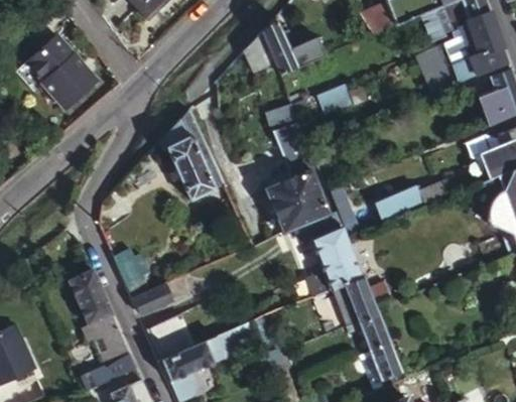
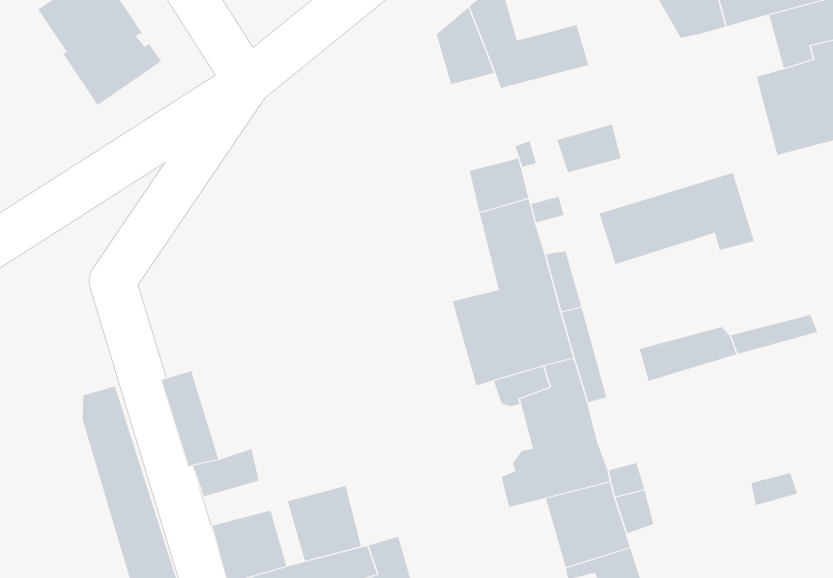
building: none -> [599,172,754,265]
building: [154,108,222,198] -> none
building: none -> [287,485,361,562]

